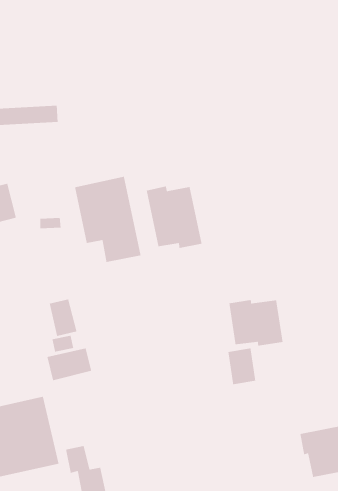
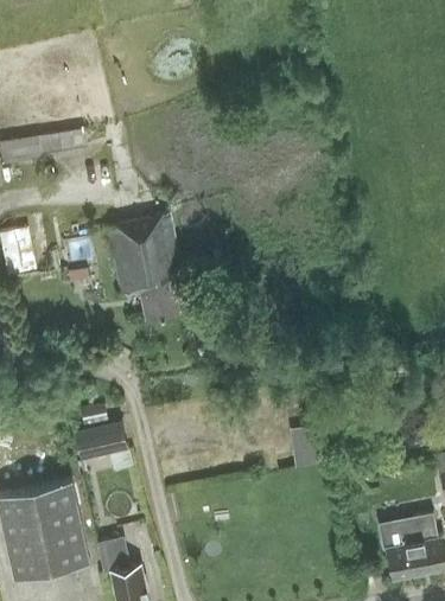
building: [146,185,202,249] -> none
building: [49,299,77,337] -> none
building: [229,299,284,346] -> none

